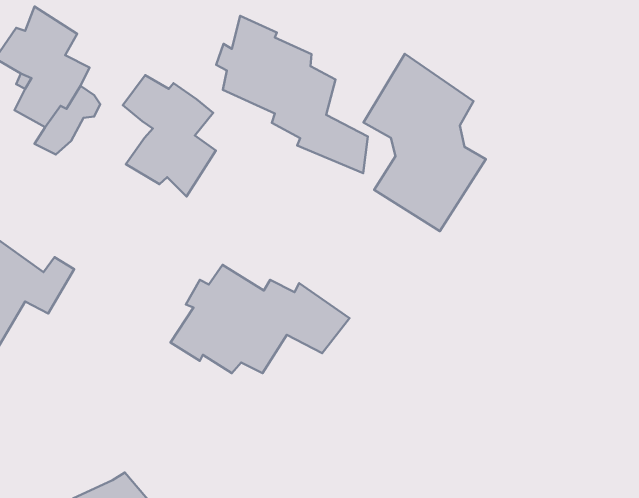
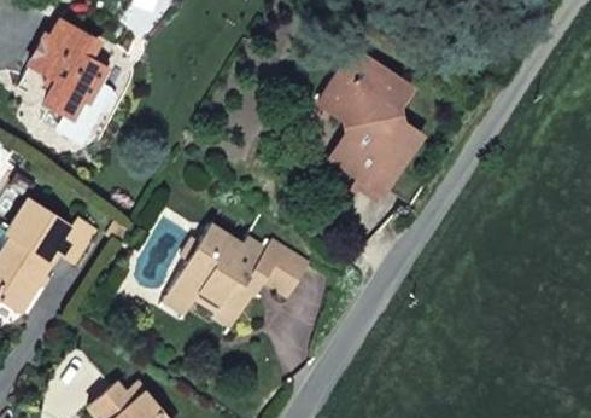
building: [216,16,368,173] -> none
building: [123,75,216,196] -> none

